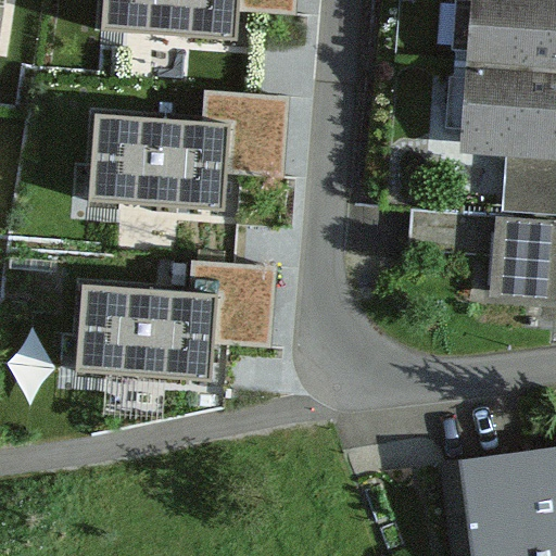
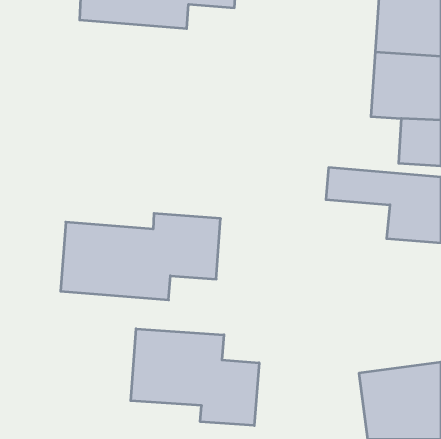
building: [89,98,290,206] -> none
building: none -> [131,329,259,426]

